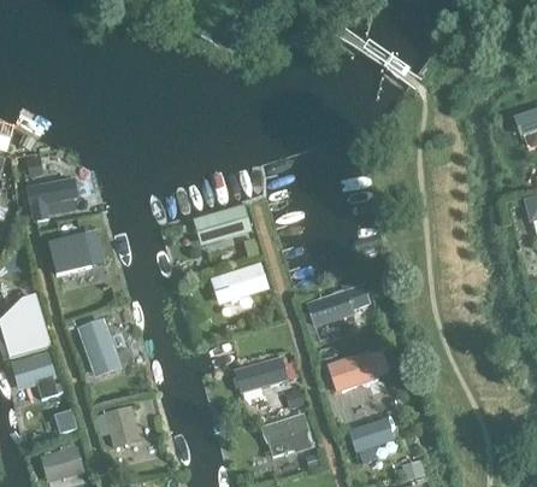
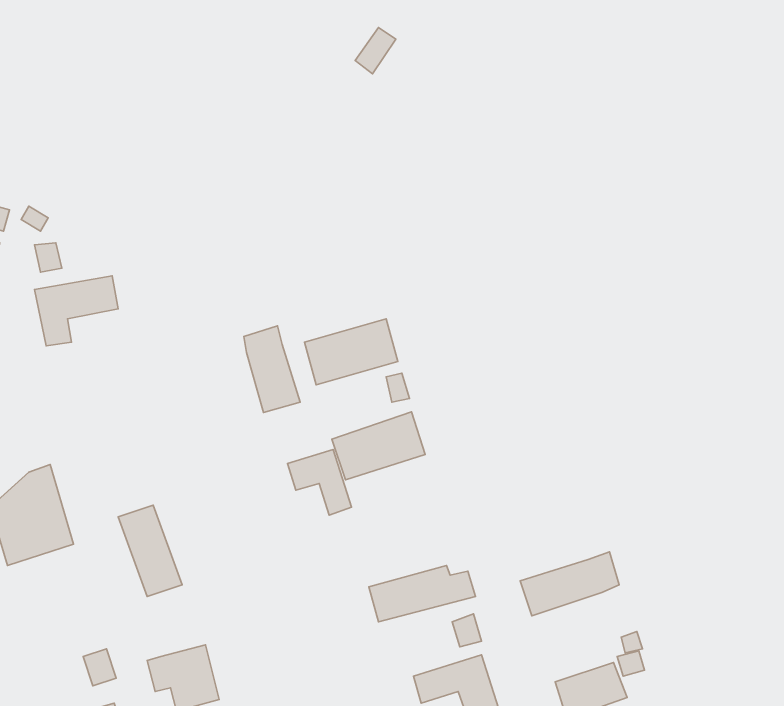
building: none -> [244,326,300,412]
building: [48,233,93,274] -> none
building: [307,283,370,321] -> none
building: none -> [287,449,351,515]
building: [11,352,59,398] -> none

